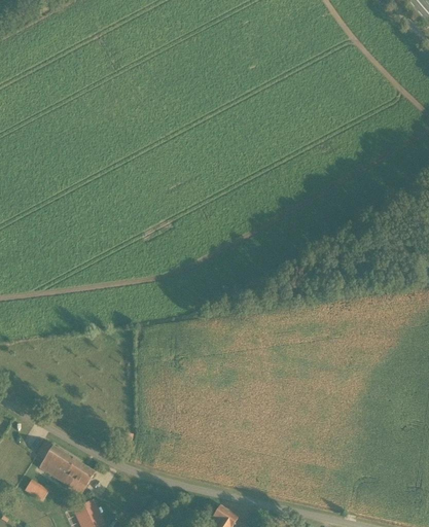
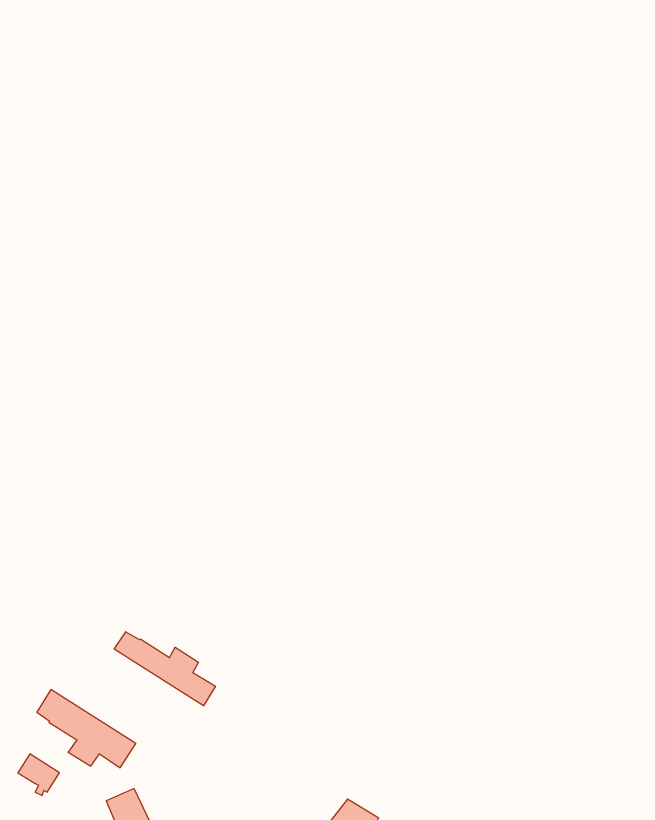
building: none -> [114,632,215,706]

